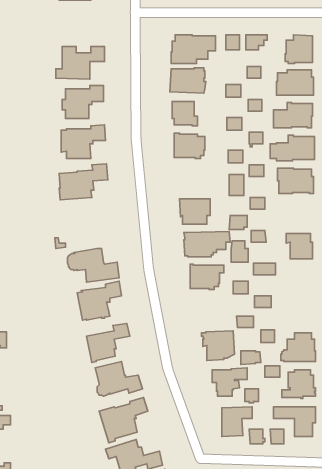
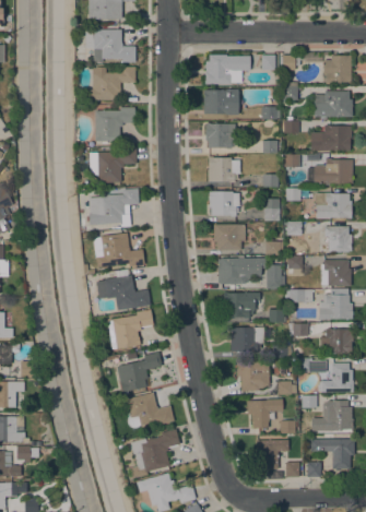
building: none -> [85,29,135,62]
building: none -> [209,191,239,216]
building: none -> [324,226,352,252]
building: none -> [93,233,144,267]
building: none -> [319,290,353,320]
building: none -> [231,324,264,353]
building: none -> [320,329,353,353]

